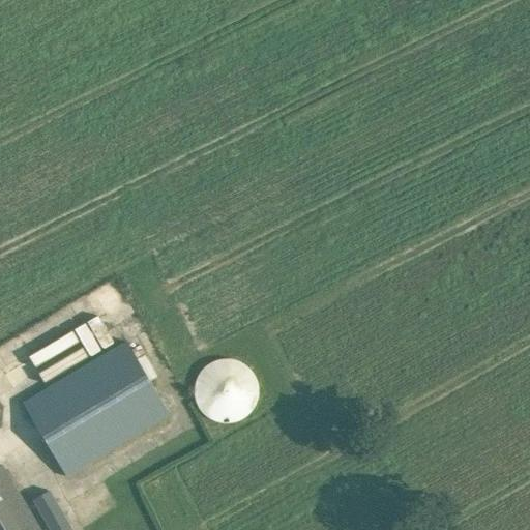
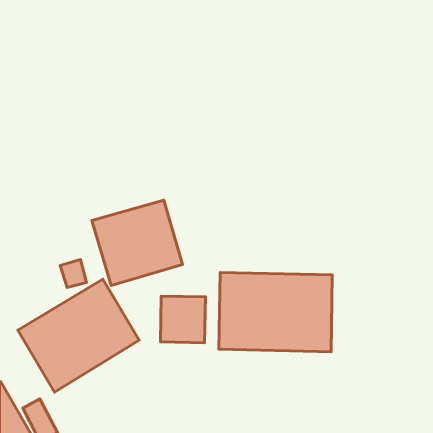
building: none -> [92,200,183,286]
building: none -> [219,273,332,352]

